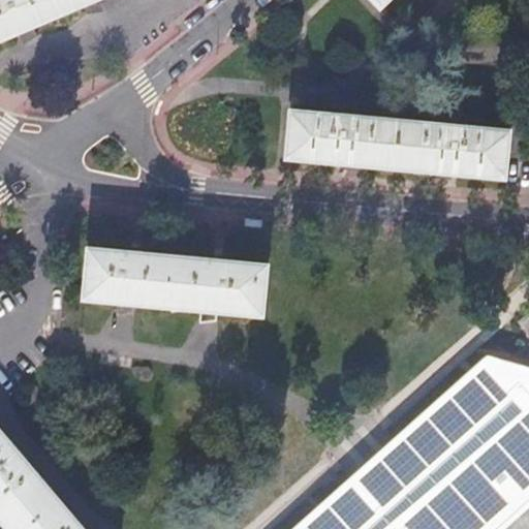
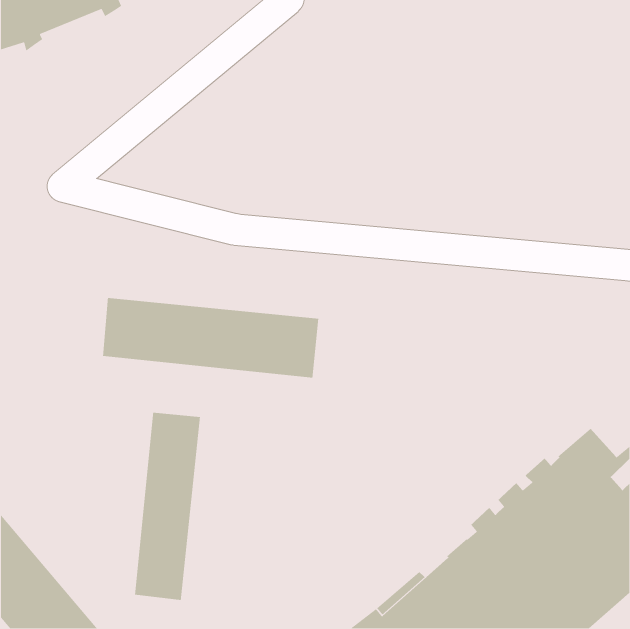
building: [287,111,508,179] -> none
building: none -> [134,412,201,601]

